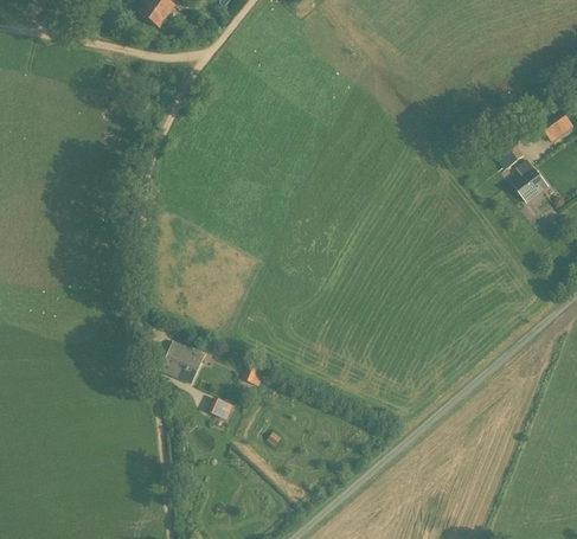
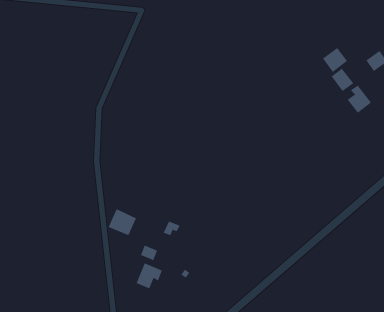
building: none -> [322,47,348,73]
building: none -> [136,263,162,289]

